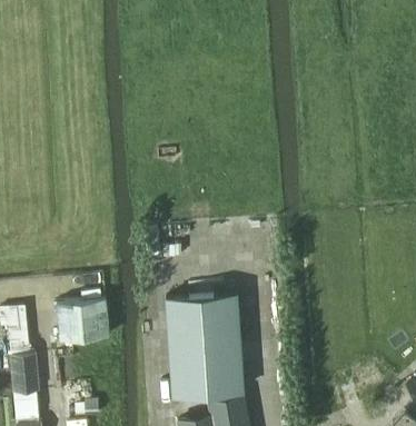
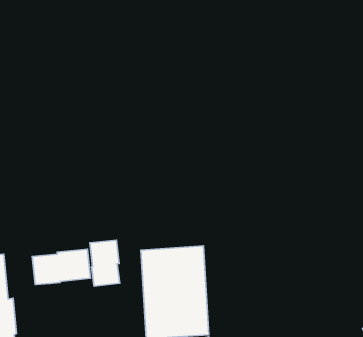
building: none -> [90,240,120,286]

